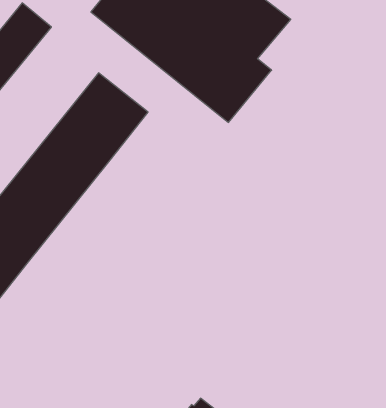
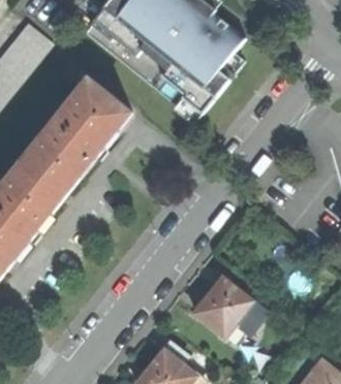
building: none -> [194,276,267,339]

